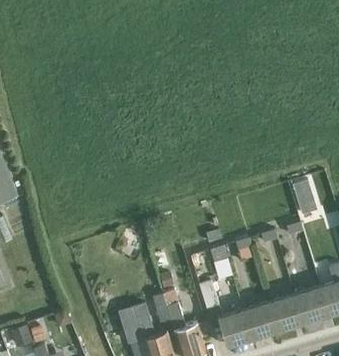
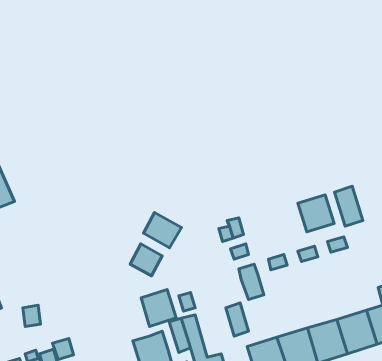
building: none -> [298,195,334,232]
building: none -> [144,213,181,248]
building: none -> [141,290,176,326]

